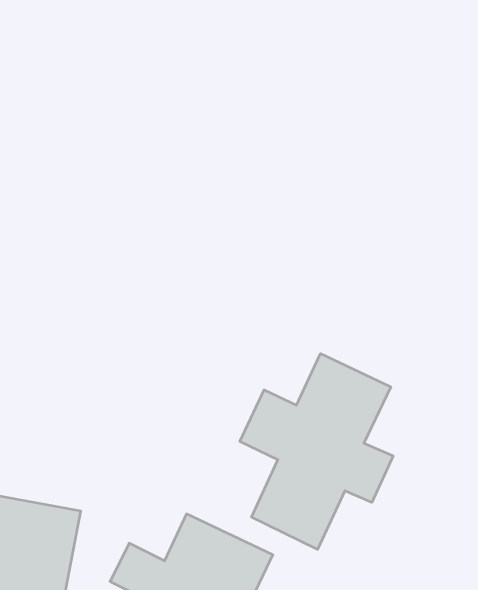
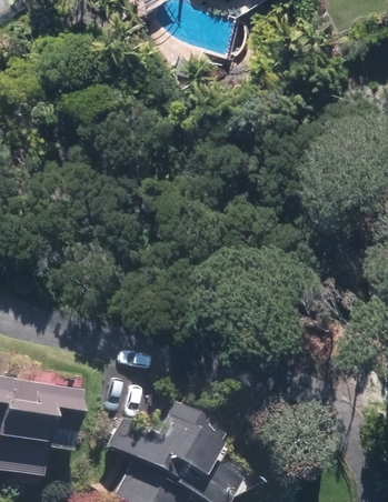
building: [240,354,393,549] -> none

